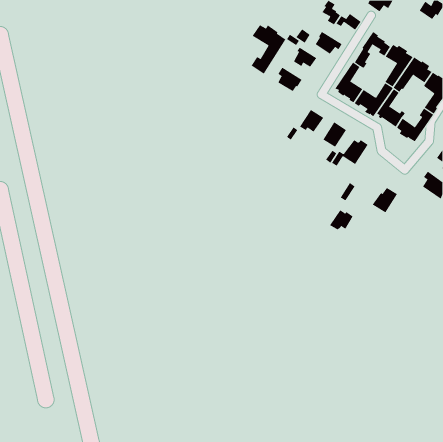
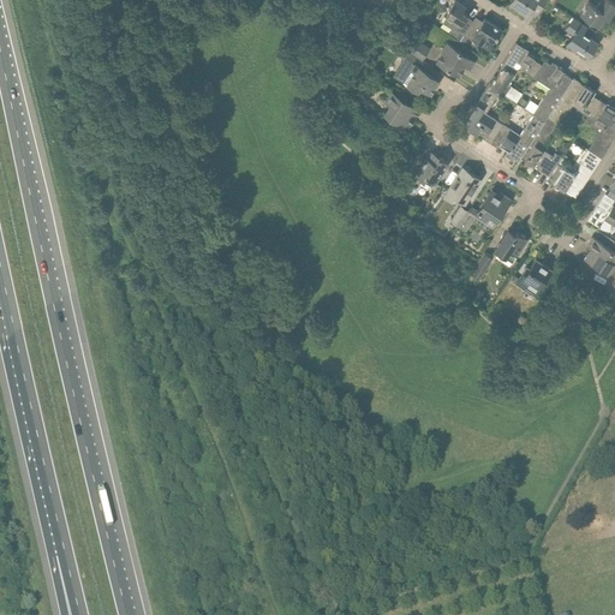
building: none -> [565,19,597,59]
building: [251,24,286,74] -> none
building: [329,209,354,230] -> [494,231,527,259]

